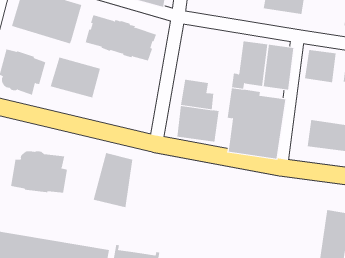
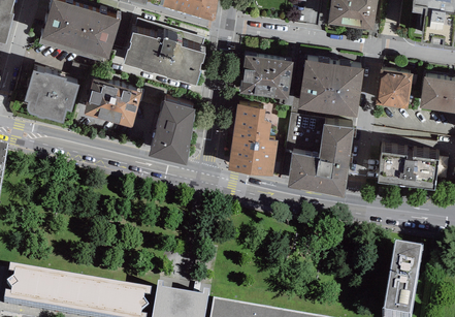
building: none -> [238,51,292,95]
building: [11,150,68,193] -> none
building: [93,152,133,208] -> [148,96,194,160]

